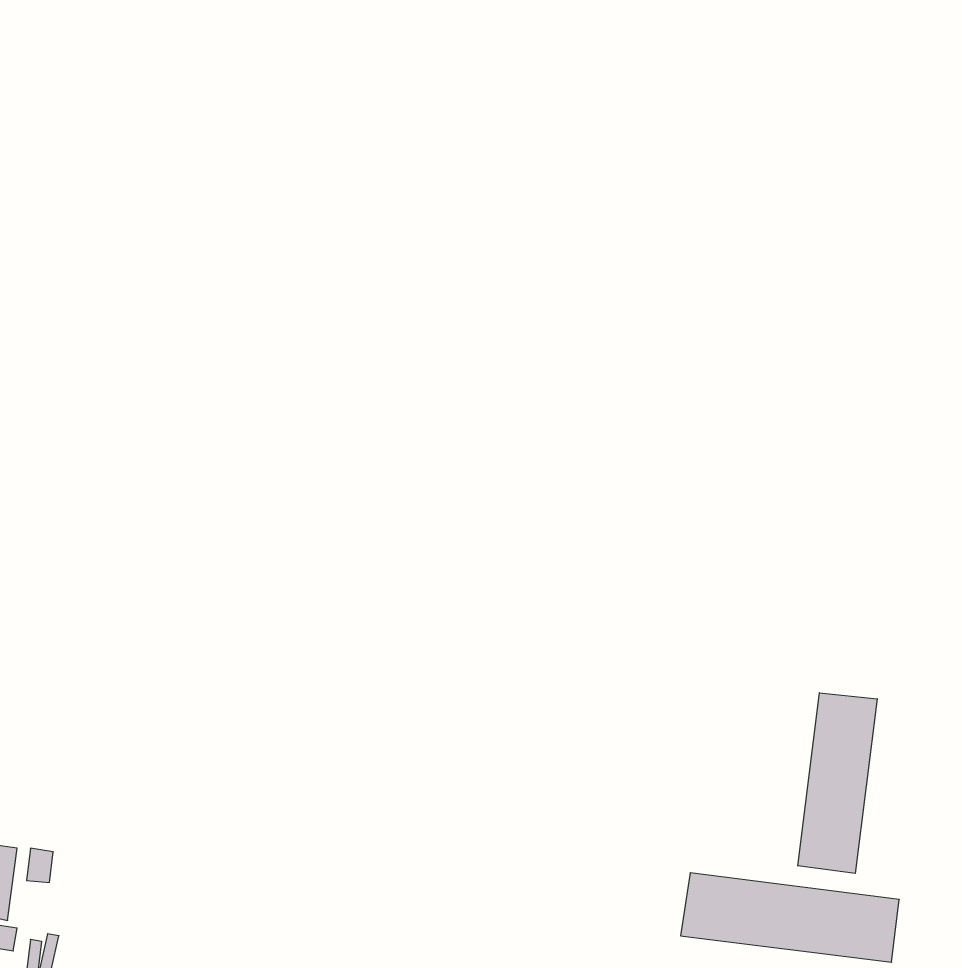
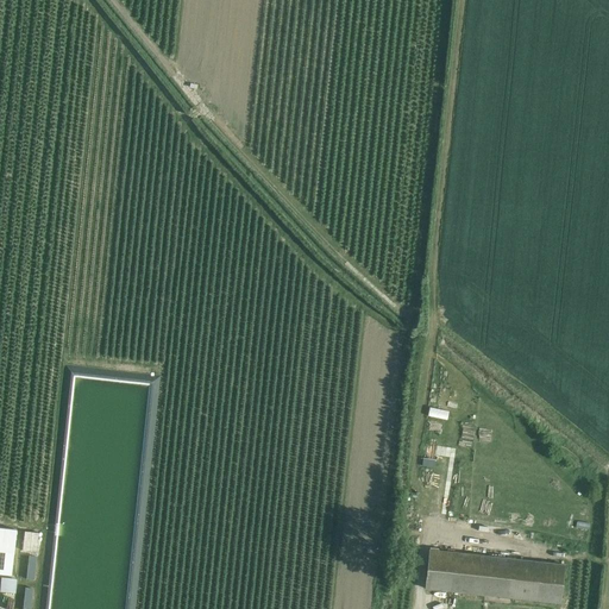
building: [798,693,877,873] -> none

